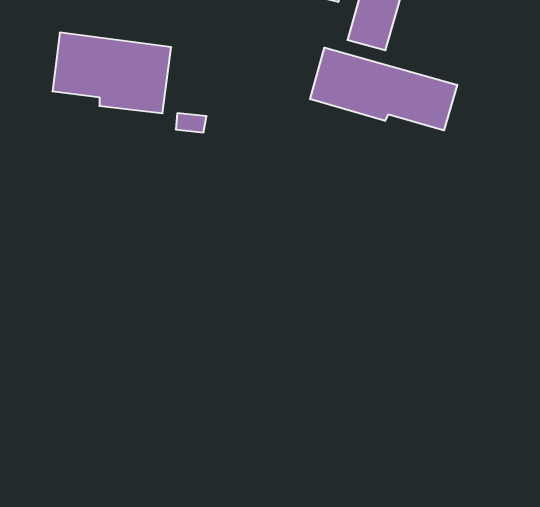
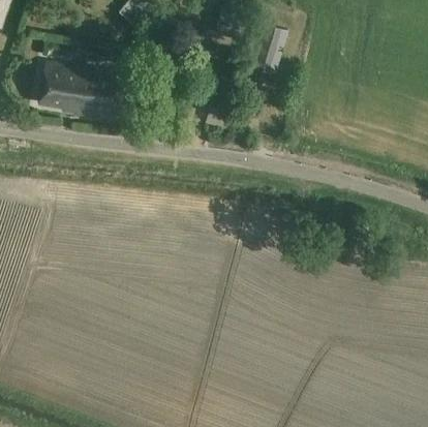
building: [310,48,457,130] -> none

